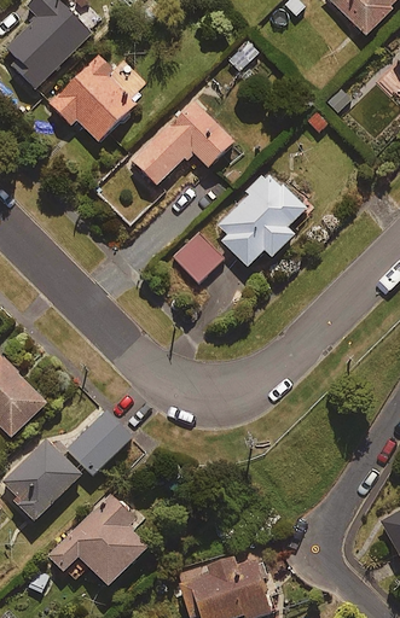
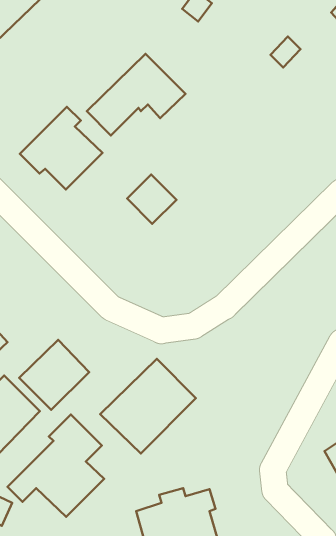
building: [50,56,137,142] -> [20,107,102,190]
building: [219,170,307,266] -> none
building: none -> [100,359,196,453]

